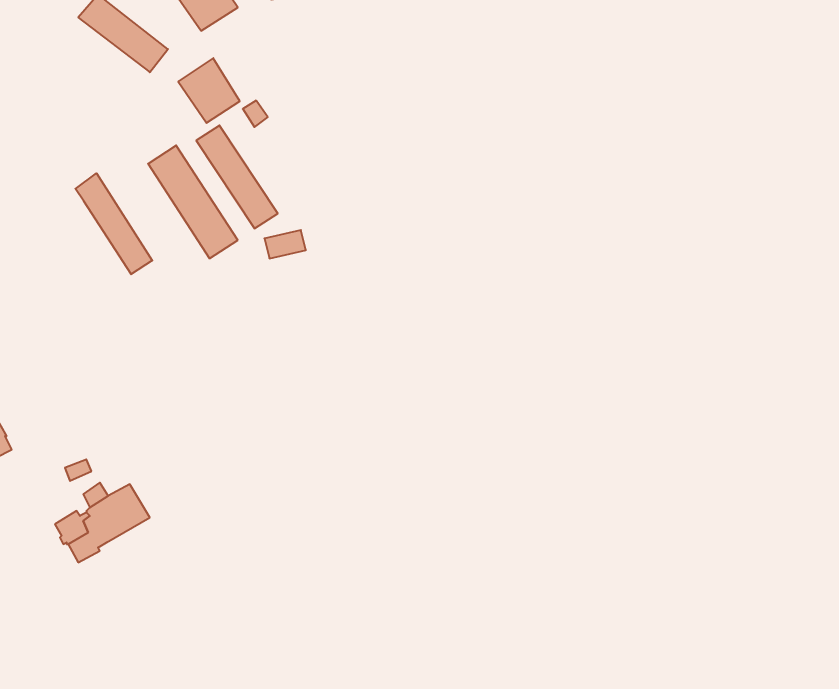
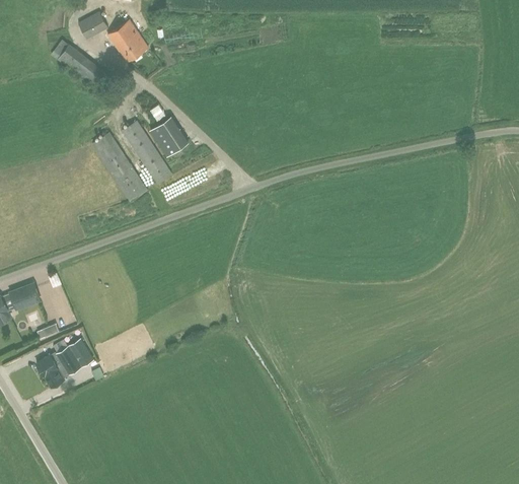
building: [178,58,240,123] -> [150,116,188,155]
building: [75,173,152,274] -> none
building: none -> [9,284,39,308]

